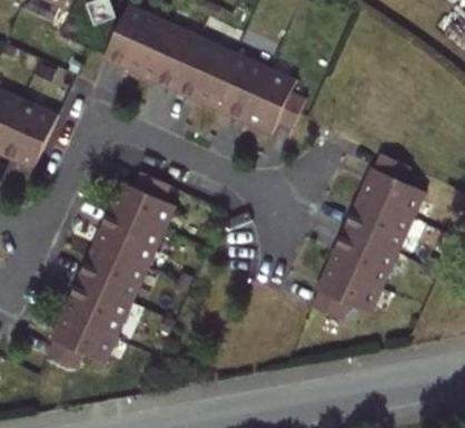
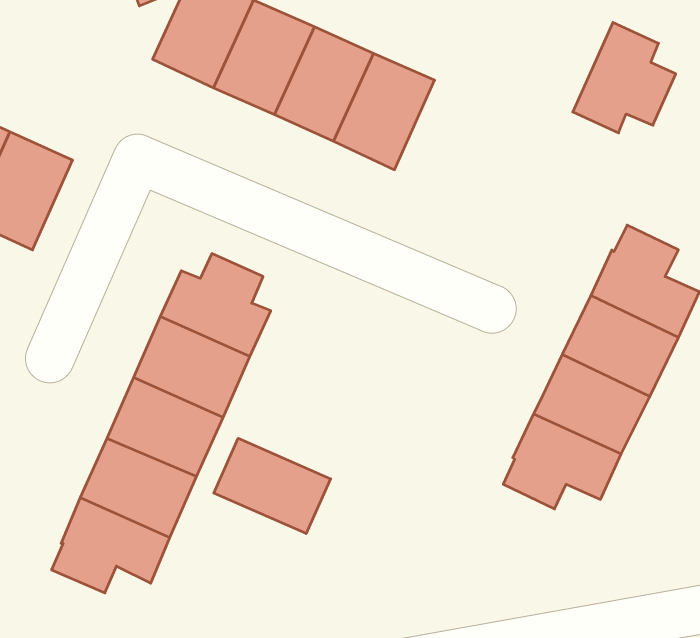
building: [245,69,305,134] -> [573,22,676,133]
building: none -> [214,438,331,534]

